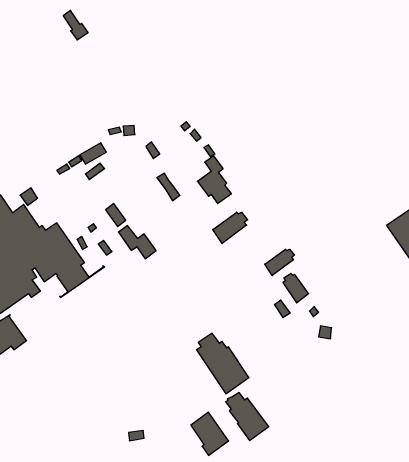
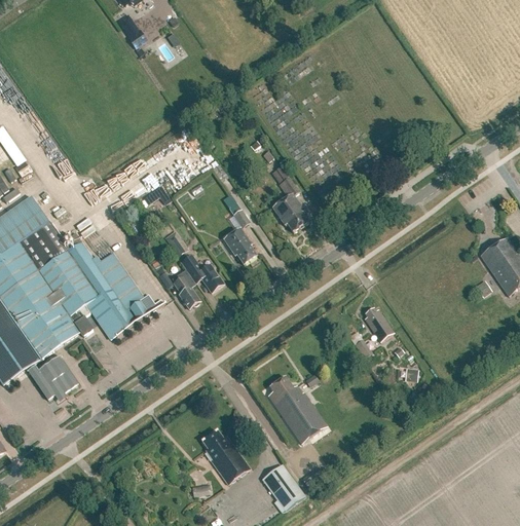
building: none -> [222,227,255,264]
building: [213,212,248,244] -> none
building: none -> [172,269,199,308]
building: [265,249,294,276] -> none
building: [226,393,269,440] -> [200,429,249,483]

